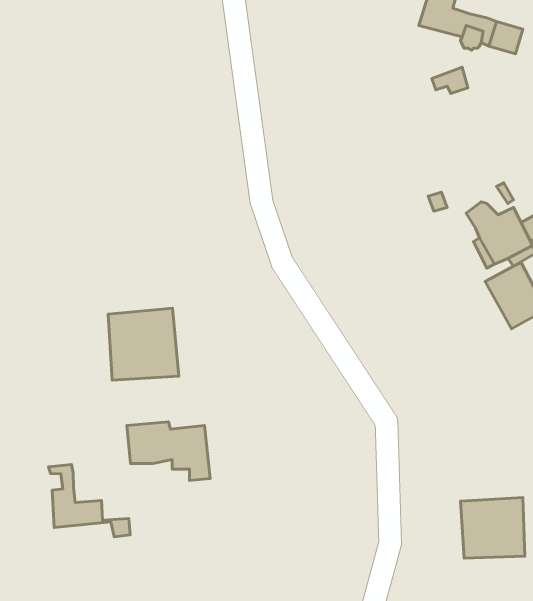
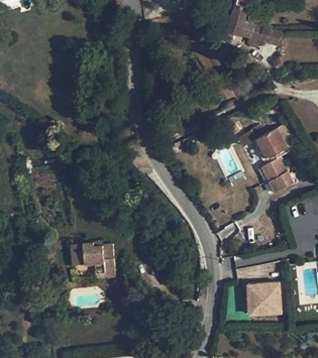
building: [108,308,179,380] -> none
building: [49,465,130,537] -> none

